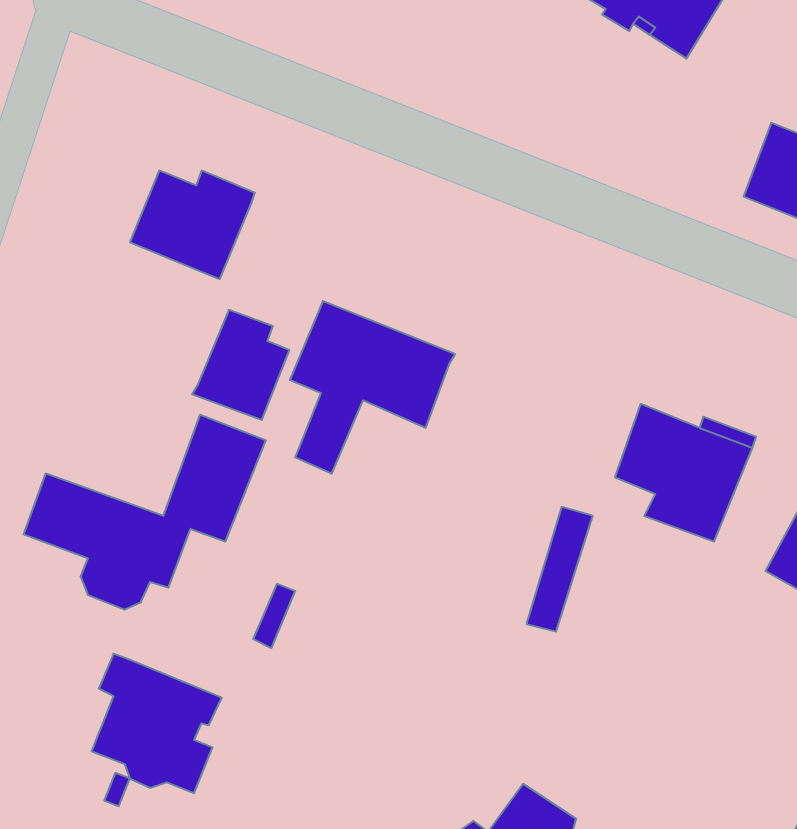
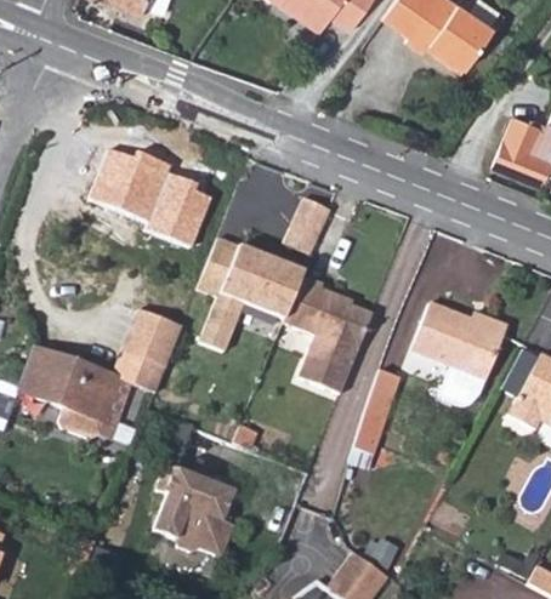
building: none -> [284,195,331,252]
building: [192,310,289,420] -> [147,170,211,243]
building: none -> [284,275,374,393]
building: [91,654,222,793] -> [155,463,242,555]

